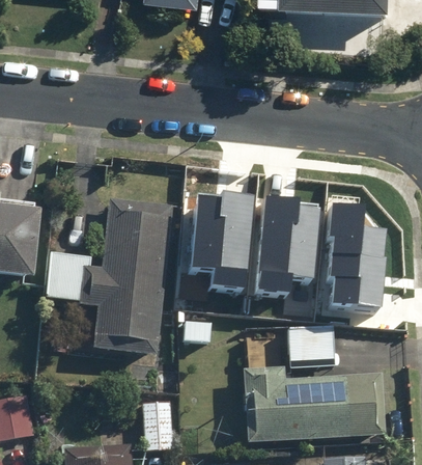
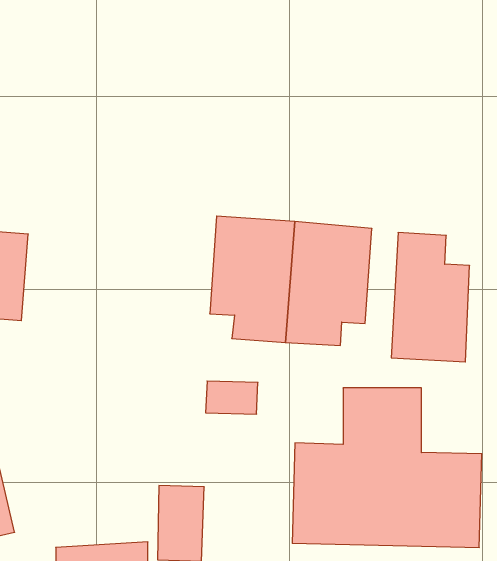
building: [56,196,172,351] -> none

